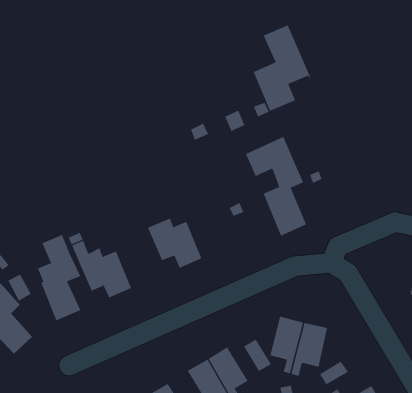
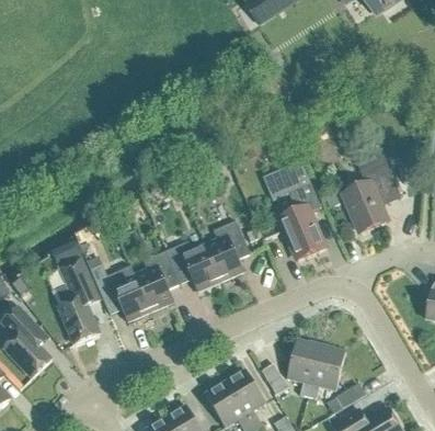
building: [253,25,311,112] -> [343,145,401,231]
building: none -> [204,219,250,281]
building: none -> [134,250,179,310]

